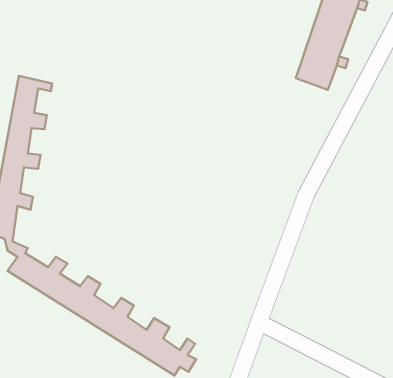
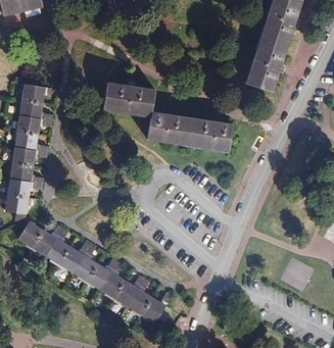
building: none -> [100,85,234,152]

